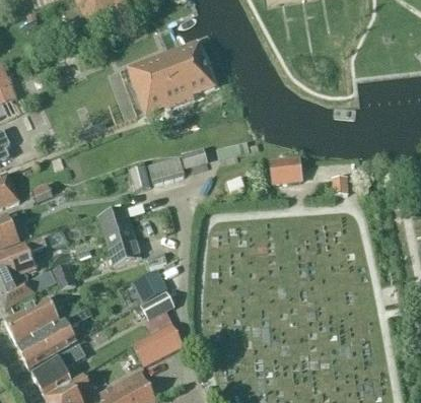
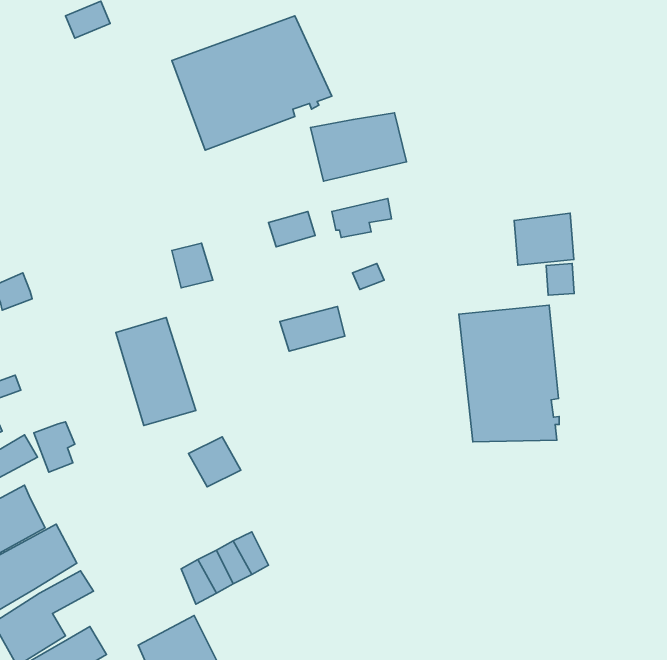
building: none -> [310,113,407,181]
building: [147,156,183,181] -> [280,306,345,351]
building: [269,156,301,185] -> [514,213,574,265]
building: none -> [459,305,559,442]
building: [139,291,173,321] -> none

